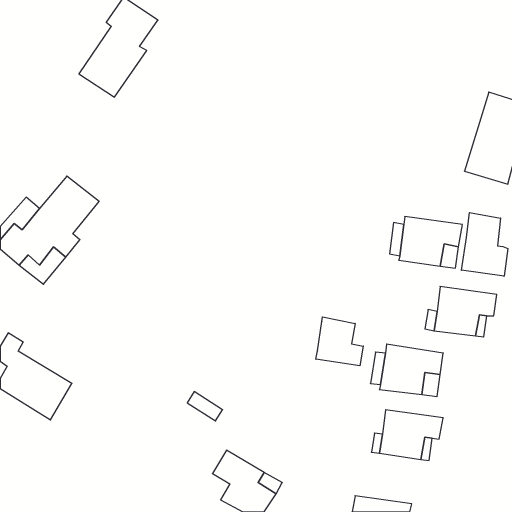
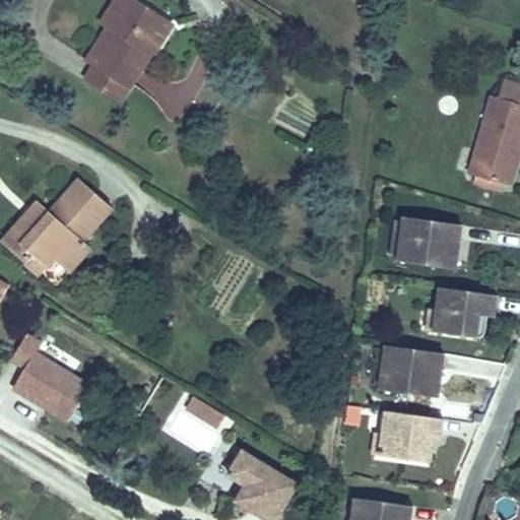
building: [461,213,508,276] -> none
building: [316,317,363,366] -> none

